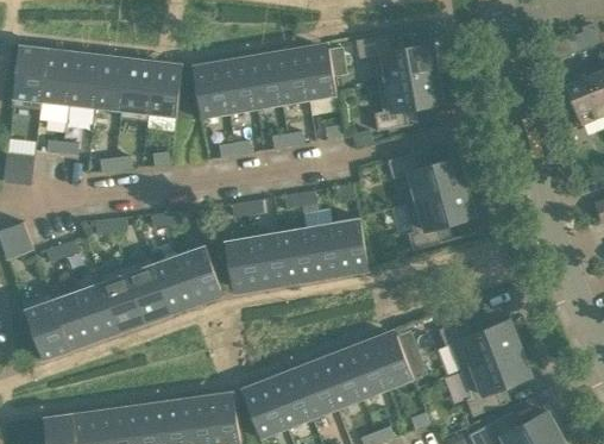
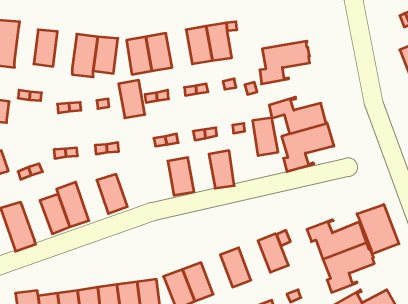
building: [356,33,439,85] -> none
building: [42,55,74,105] -> none
building: [247,58,283,110] -> [119,80,145,118]
building: [94,61,126,111] -> none
building: [333,219,367,270] -> [253,118,278,156]
building: [277,227,314,279] -> none
building: [225,237,258,288] -> none
building: [180,245,221,299] -> none
building: [125,256,169,318] -> none
building: [52,290,93,344] -> none
building: none -> [357,204,399,254]
building: [346,345,389,399] -> none
building: [295,364,338,418] -> none

